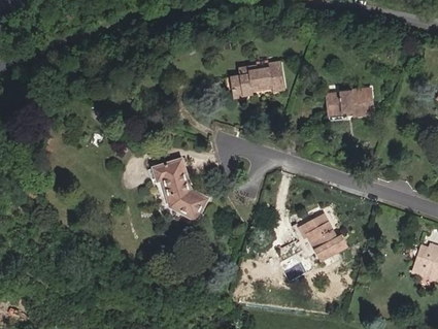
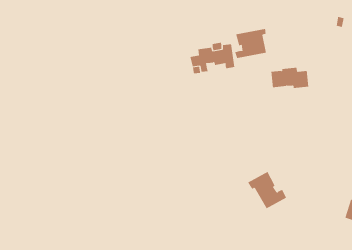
building: none -> [235,28,267,59]
building: [154,159,206,219] -> none

